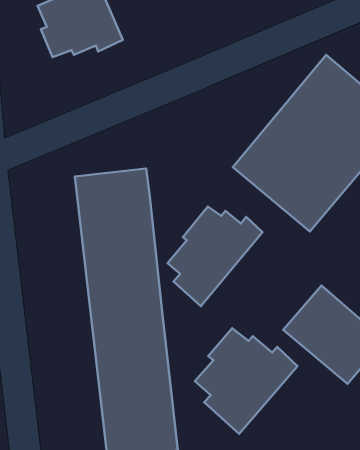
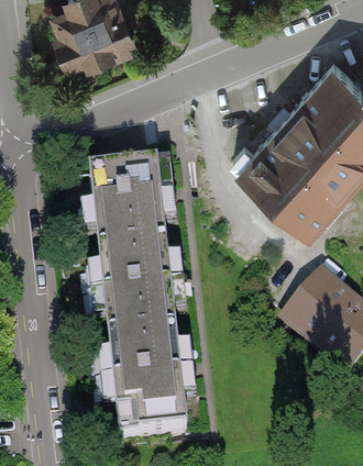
building: [167,206,262,306] -> none
building: [195,328,298,434] -> none

